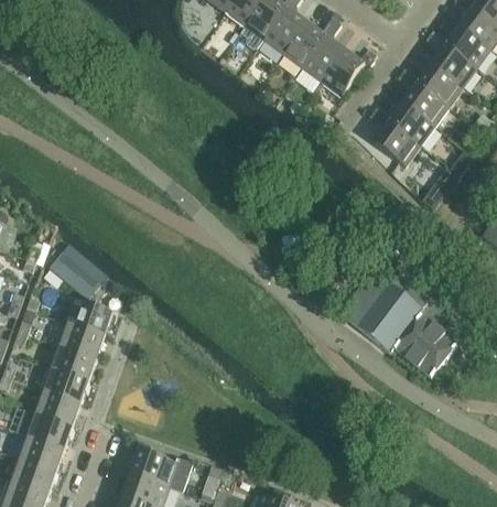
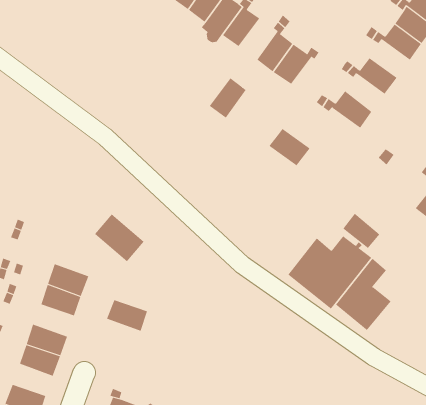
building: [282,22,325,68] -> [209,78,247,118]
building: [430,46,476,89] -> none
building: [402,85,447,128] -> none
building: [372,123,420,166] -> [269,128,310,166]
building: none -> [343,213,380,249]
building: [50,246,107,301] -> [94,214,145,262]
building: [48,346,96,382] -> [106,299,148,332]
building: [17,411,72,450] -> none

